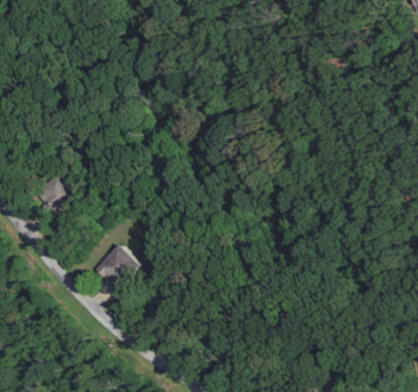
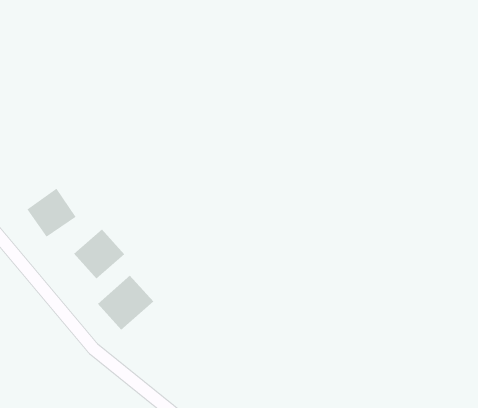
building: none -> [73,228,125,279]

